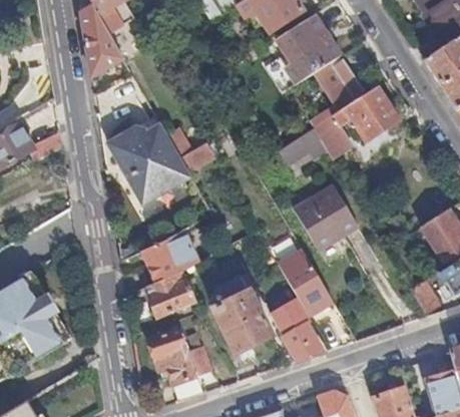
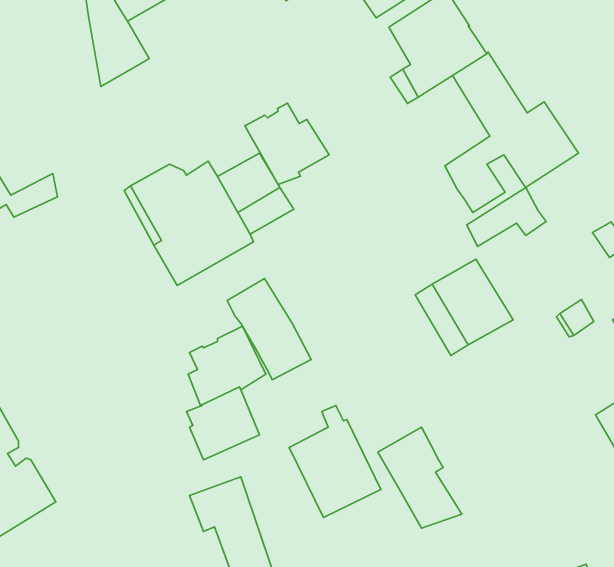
building: none -> [245,103,329,184]
building: [275,127,326,165] -> [467,187,546,246]
building: [279,250,333,315] -> [227,279,311,380]

